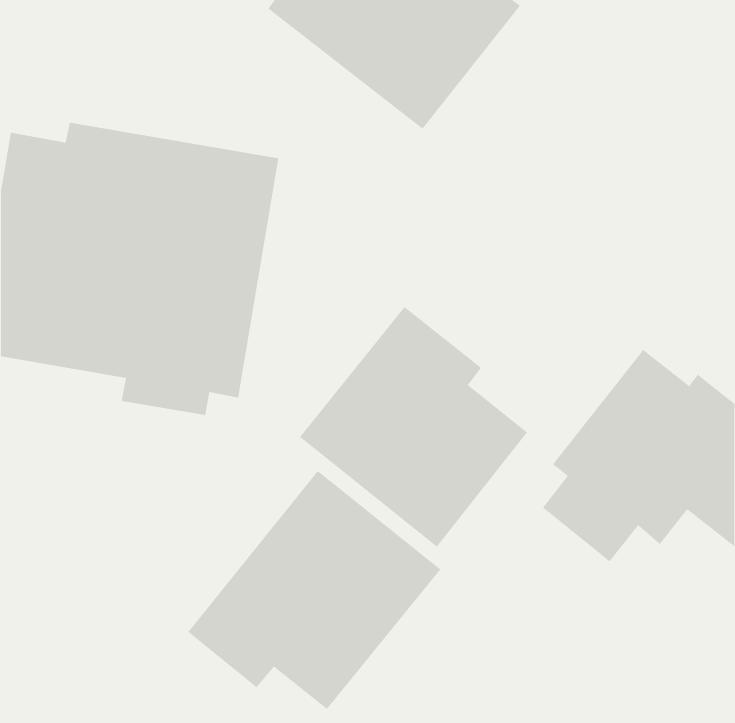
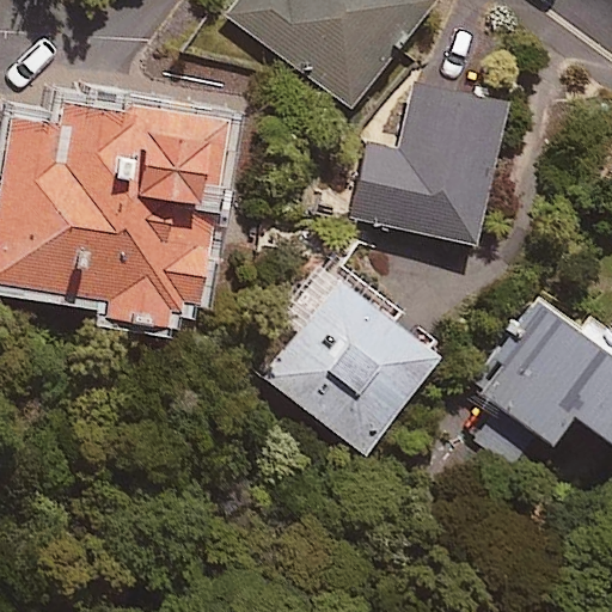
building: none -> [351,75,509,244]
building: [188,470,441,710] -> none

